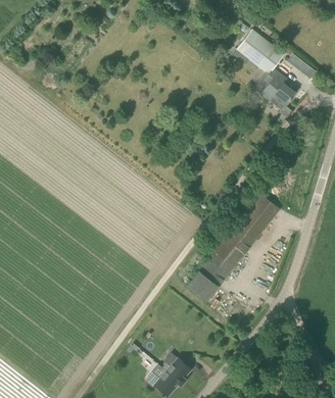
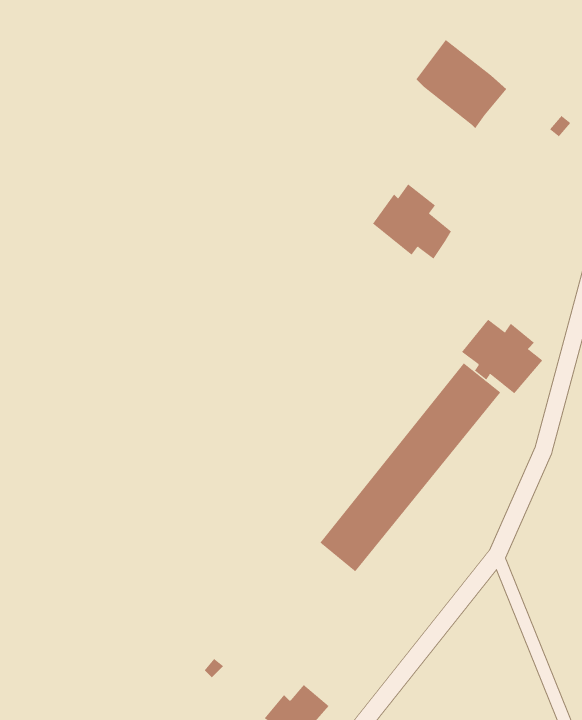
building: [253,67,294,106] -> [372,184,452,259]
building: none -> [461,319,543,394]

